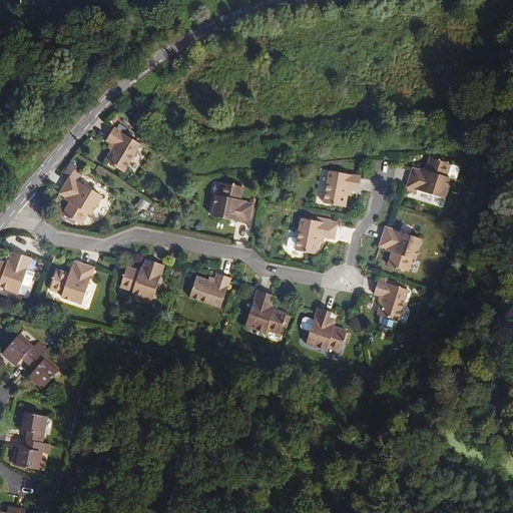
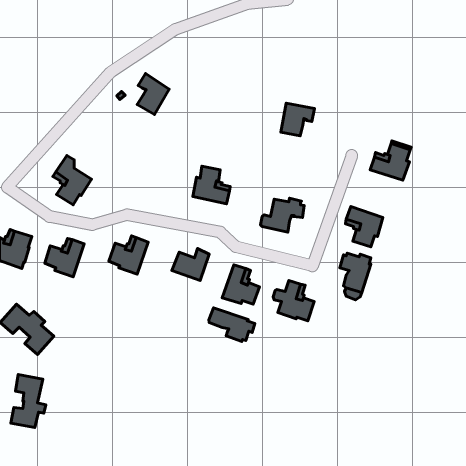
building: [104,126,139,171] -> [137,73,169,115]
building: [323,170,360,206] -> [281,103,315,136]
building: none -> [209,308,255,342]

